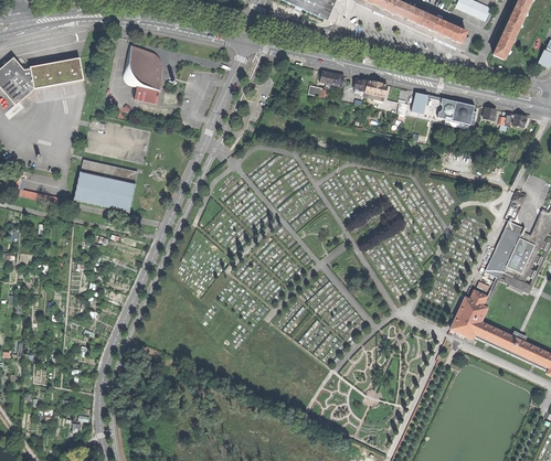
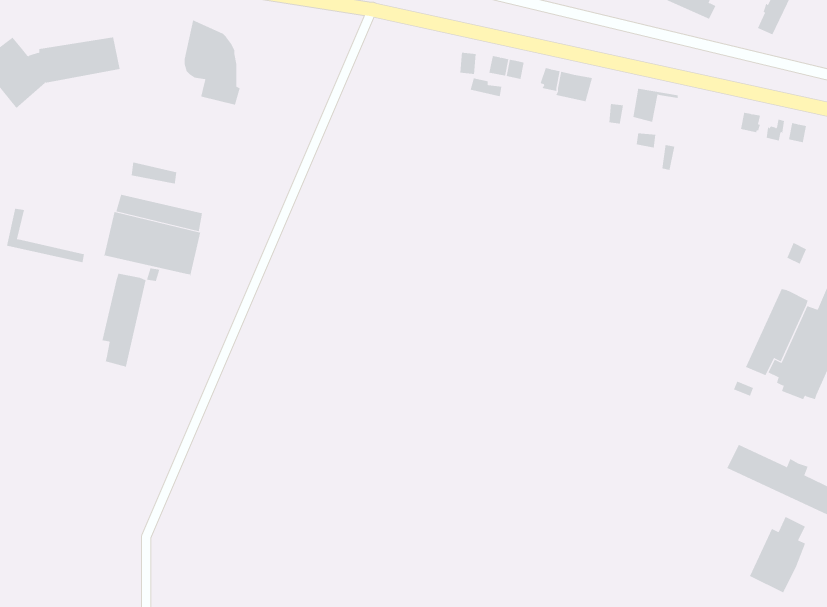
building: [436,98,477,126] -> none
building: none -> [102,273,146,367]
building: [451,289,487,339] -> [749,516,806,593]

